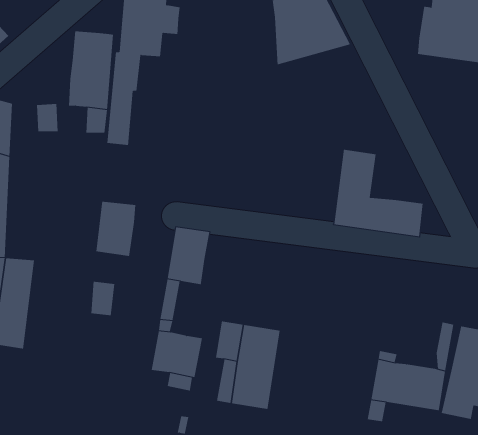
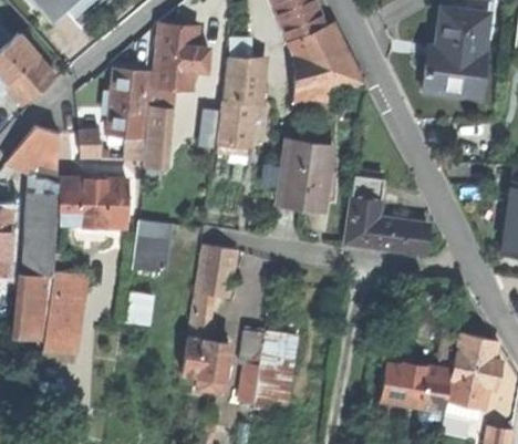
building: none -> [218,58,253,145]
building: none -> [277,140,333,211]
building: none -> [59,179,127,223]

